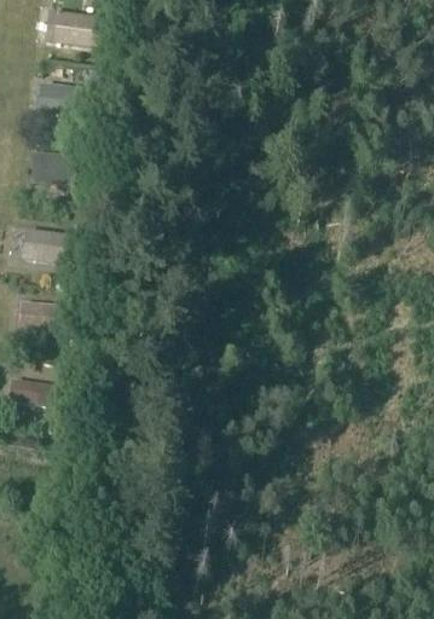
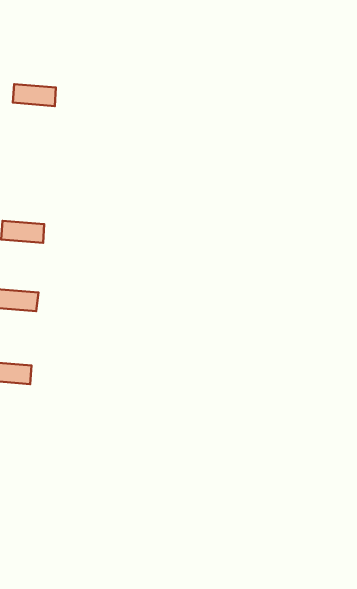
building: [44,15,89,39] -> none
building: [30,156,76,179] -> none

